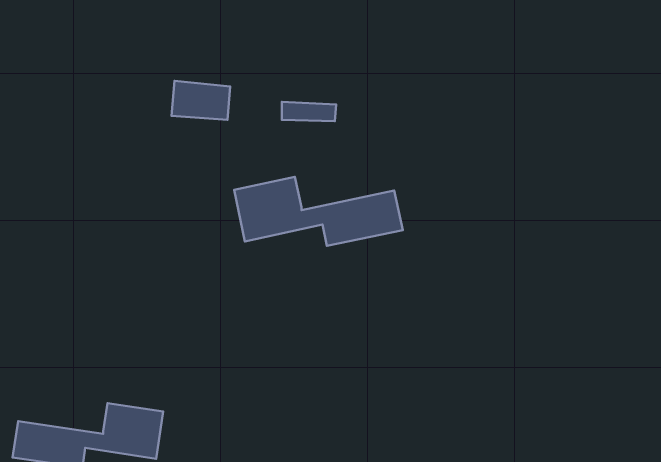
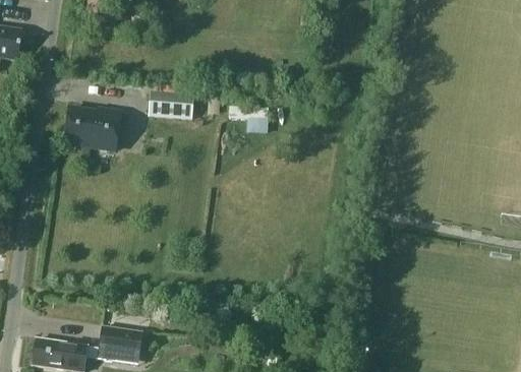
building: none -> [62,105,122,151]
building: [234,177,403,246] -> none

